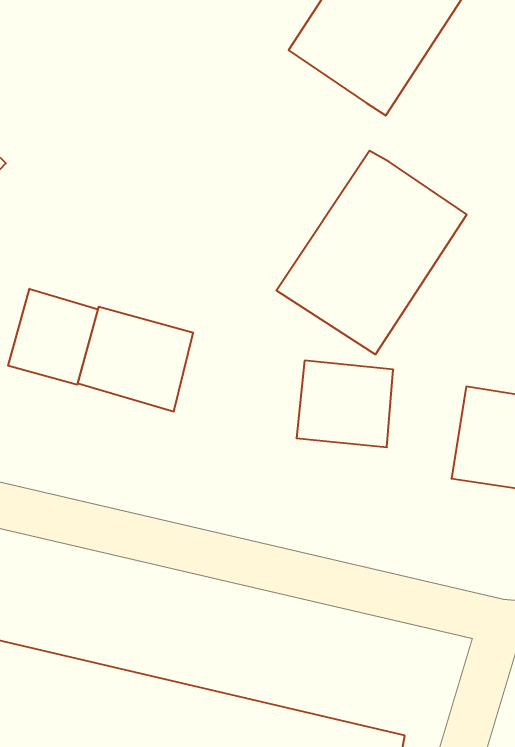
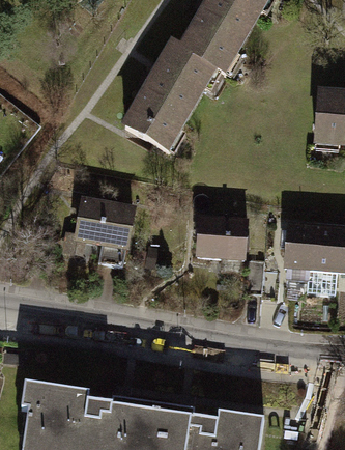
building: [276,151,467,354] -> [118,37,221,150]
building: [8,289,98,385] -> none

